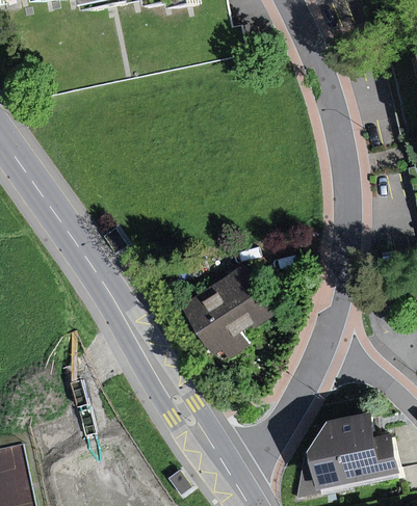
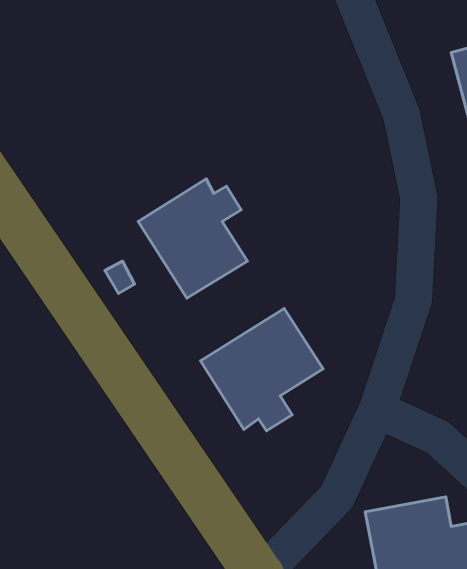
building: none -> [138,179,247,298]

